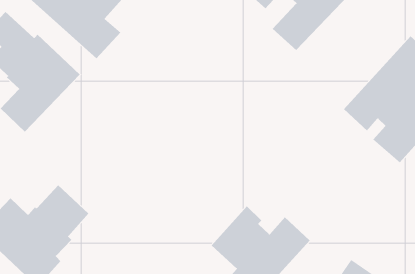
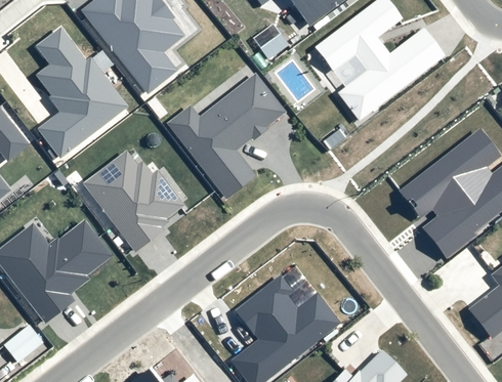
building: none -> [167,73,286,199]
building: none -> [83,151,183,252]

